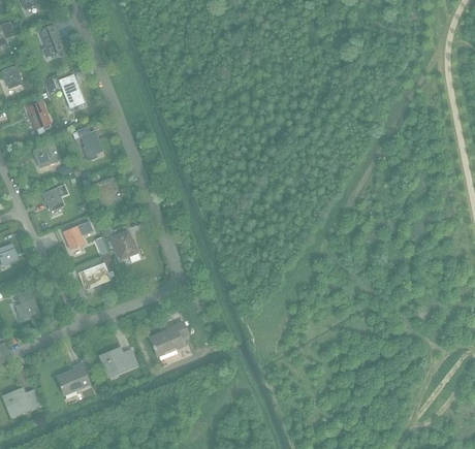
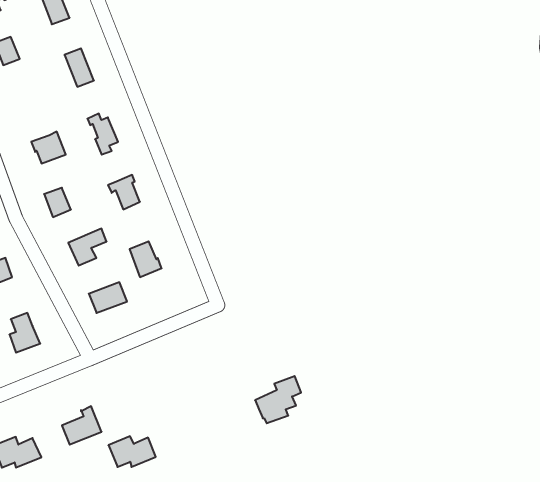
building: [28,101,51,129] -> none
building: [150,321,187,359] -> [255,376,301,423]
building: [99,348,137,373] -> [108,436,156,467]

